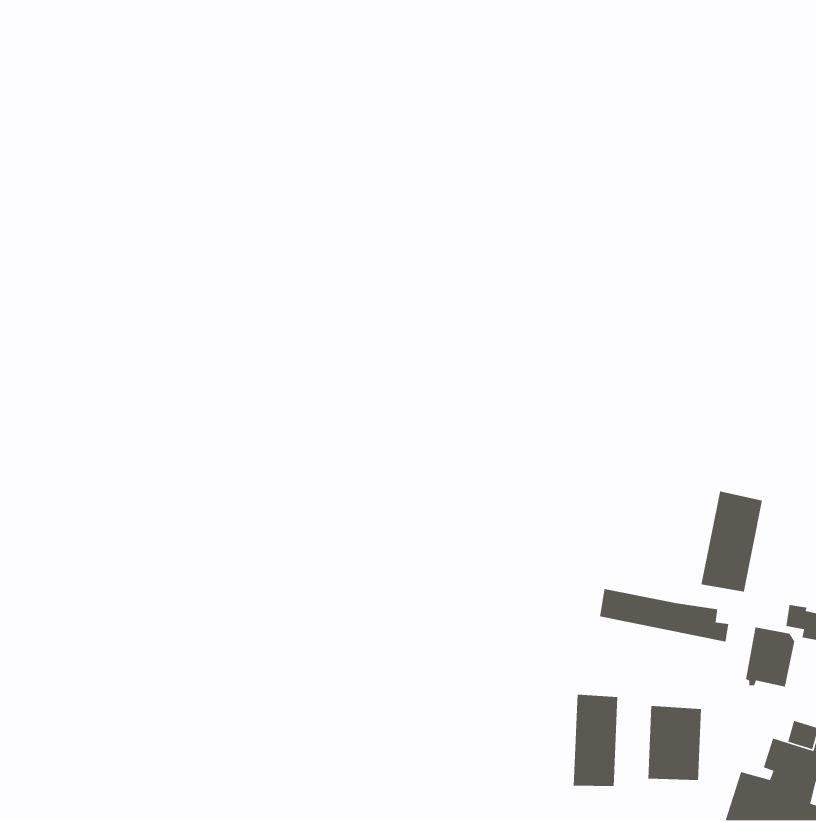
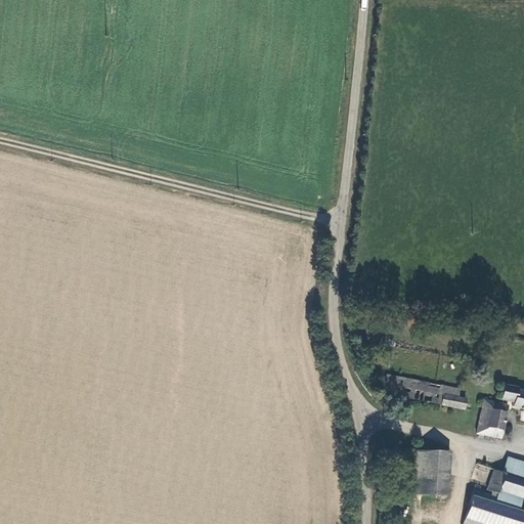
building: [700,491,763,592] -> none
building: [573,694,618,787] -> none

